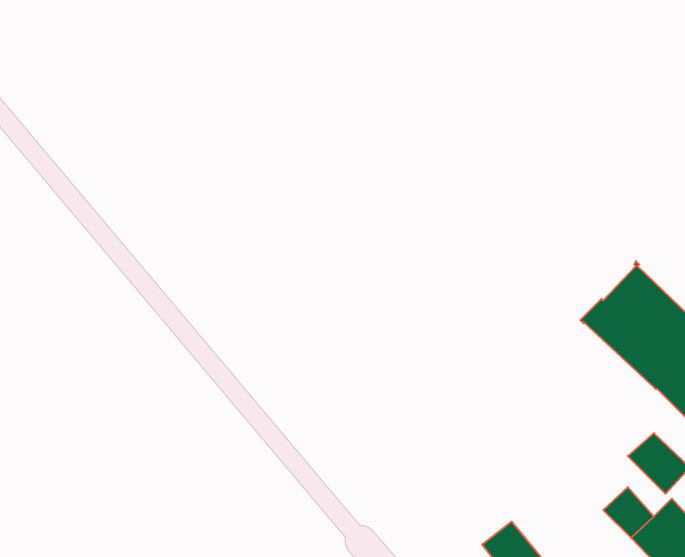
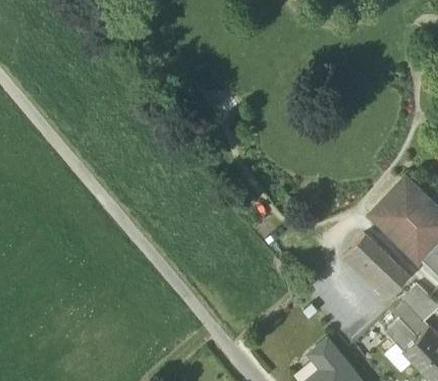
building: none -> [342,233,407,297]

